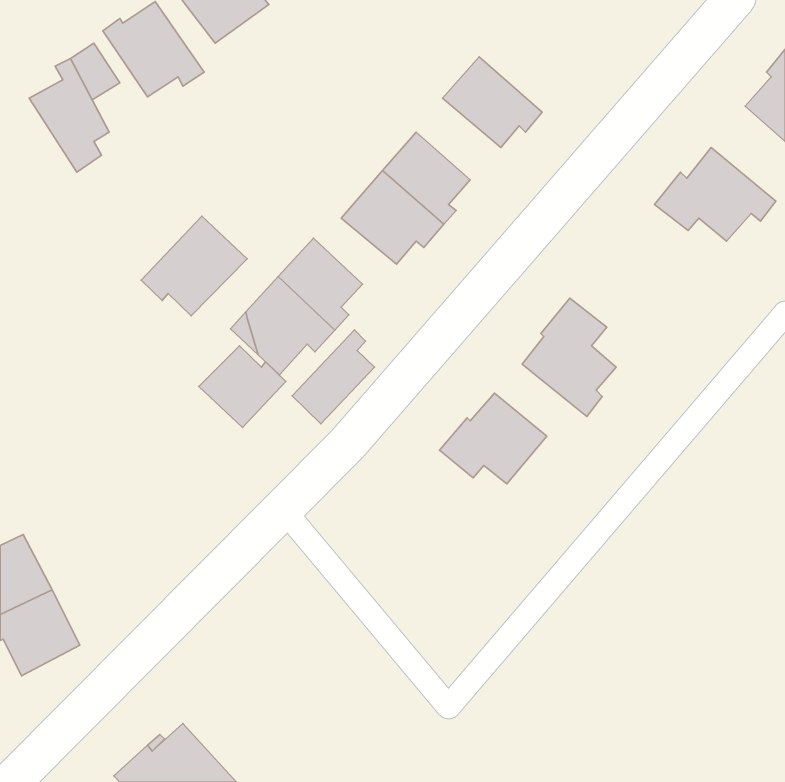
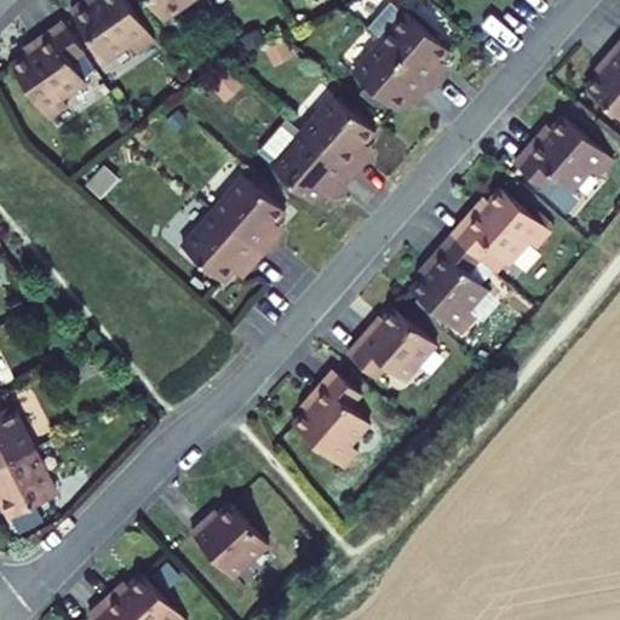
building: none -> [378,18,443,88]
building: [141,216,247,316] -> none
building: none -> [449,186,547,262]
building: [292,330,375,424] -> none
building: [199,346,286,427] -> none
building: none -> [288,374,363,470]
building: none -> [193,499,270,574]

